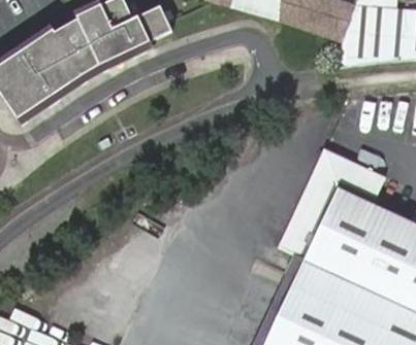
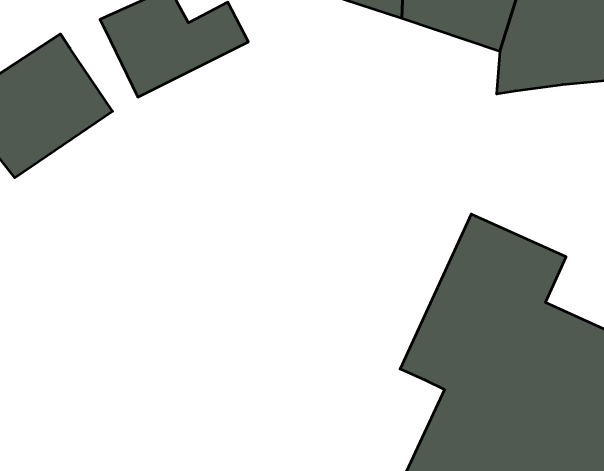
building: [60,26,104,79] -> none

